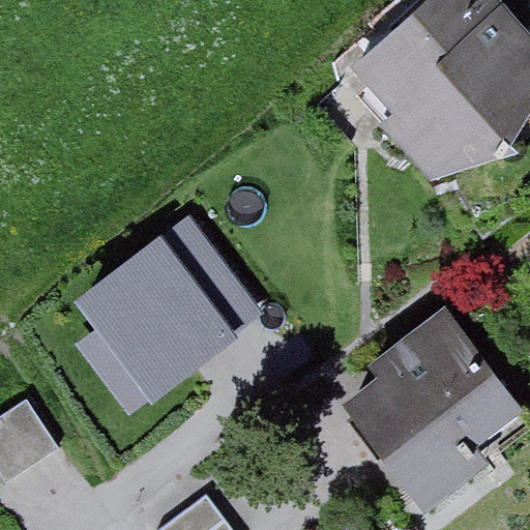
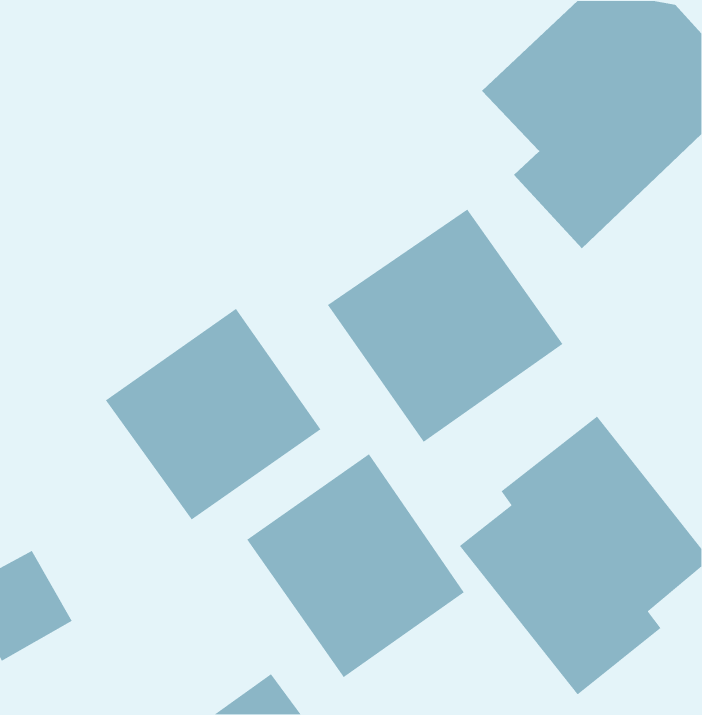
building: none -> [327,208,564,443]
building: none -> [246,453,465,678]

